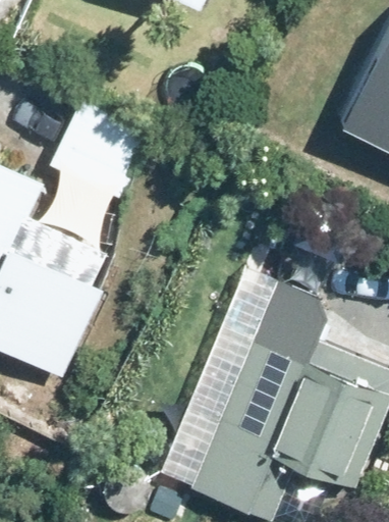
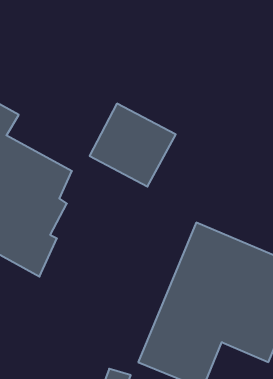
building: [47,101,153,203] -> [90,104,176,187]

